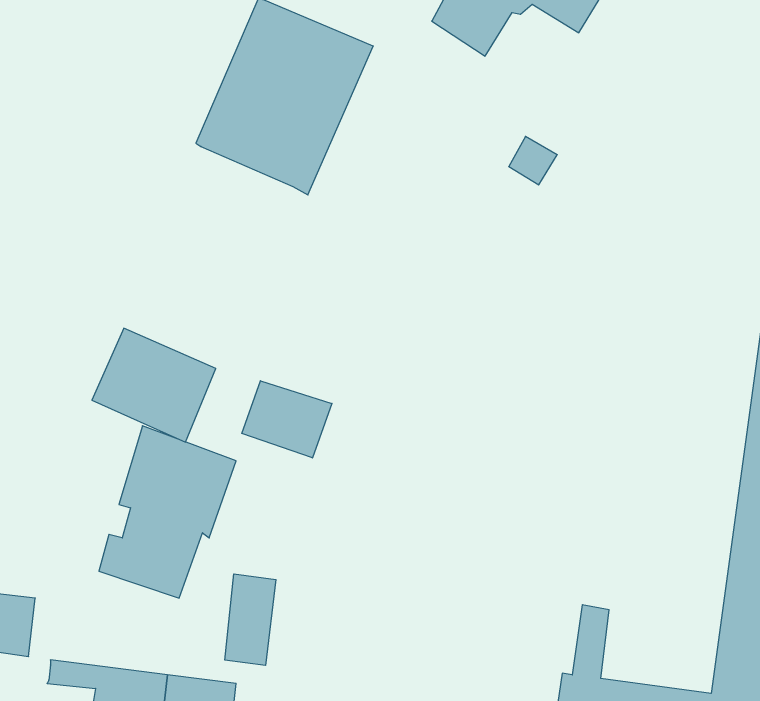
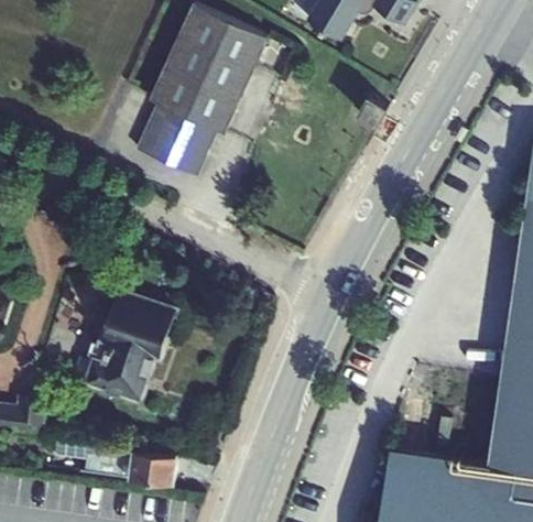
building: [92,328,216,442] -> [133,101,215,176]
building: [242,381,332,458] -> none
building: [225,574,276,665] -> none

